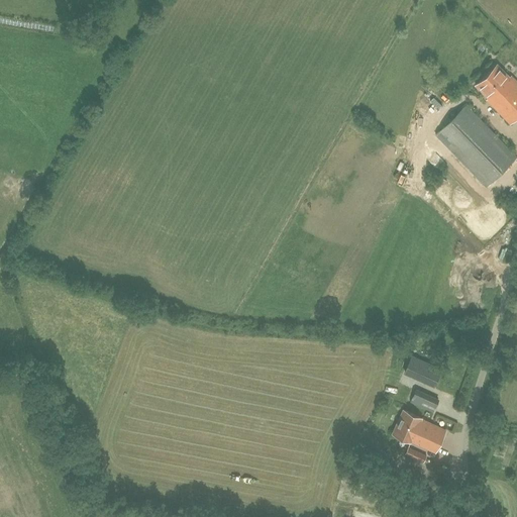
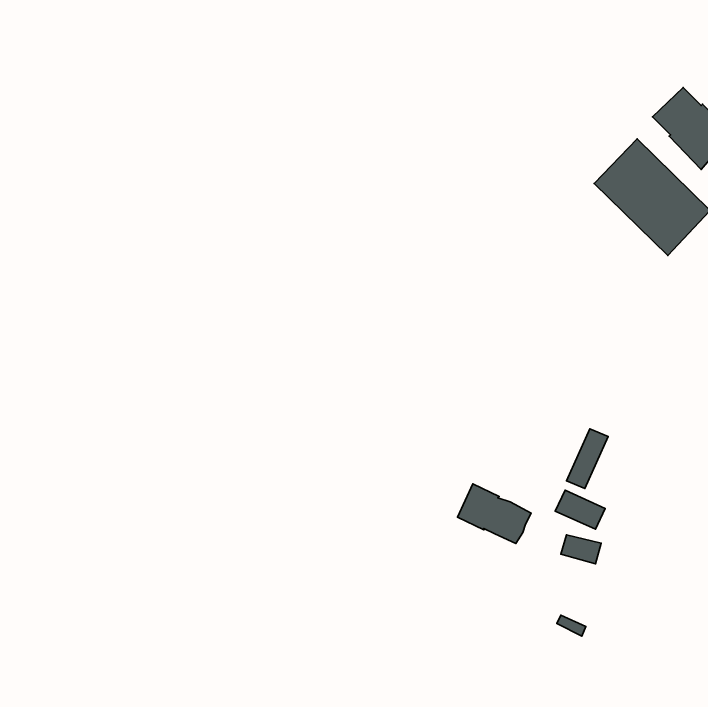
building: none -> [566,429,608,489]
building: [393,411,446,454] -> [457,484,531,544]

